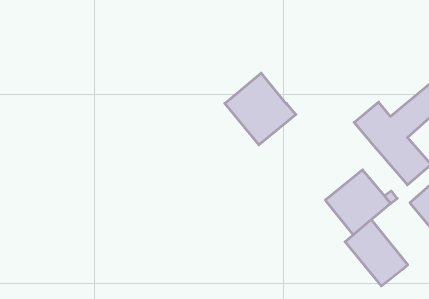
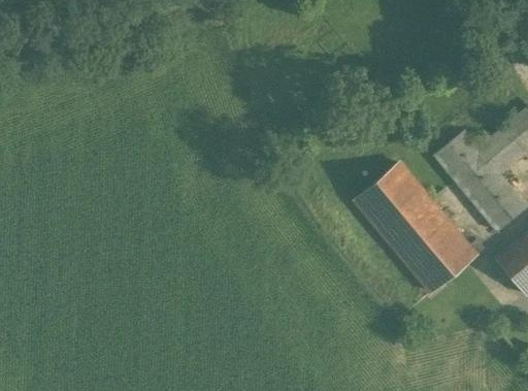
building: [225,73,296,145] -> [356,163,442,251]
building: [345,220,408,286] -> none

